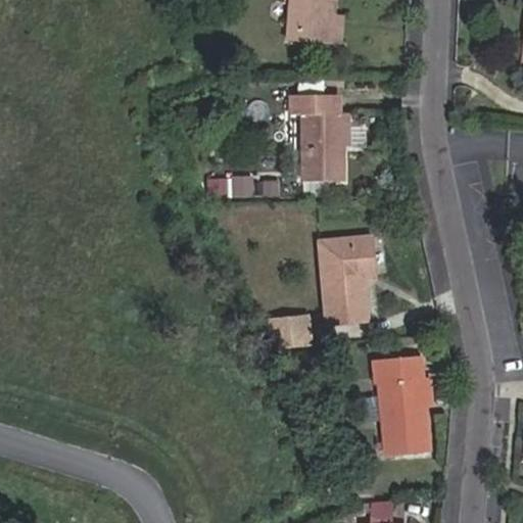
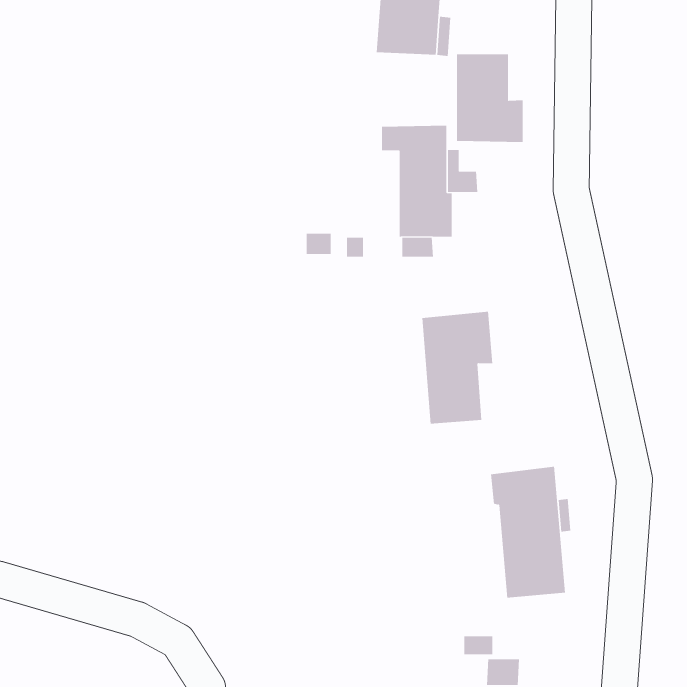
building: none -> [456,54,523,143]
building: [269,316,303,348] -> none

